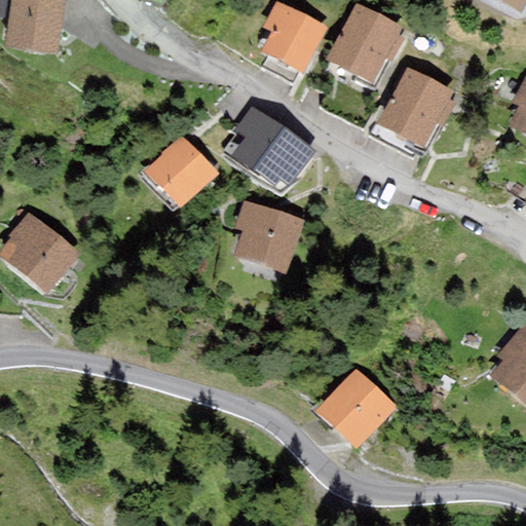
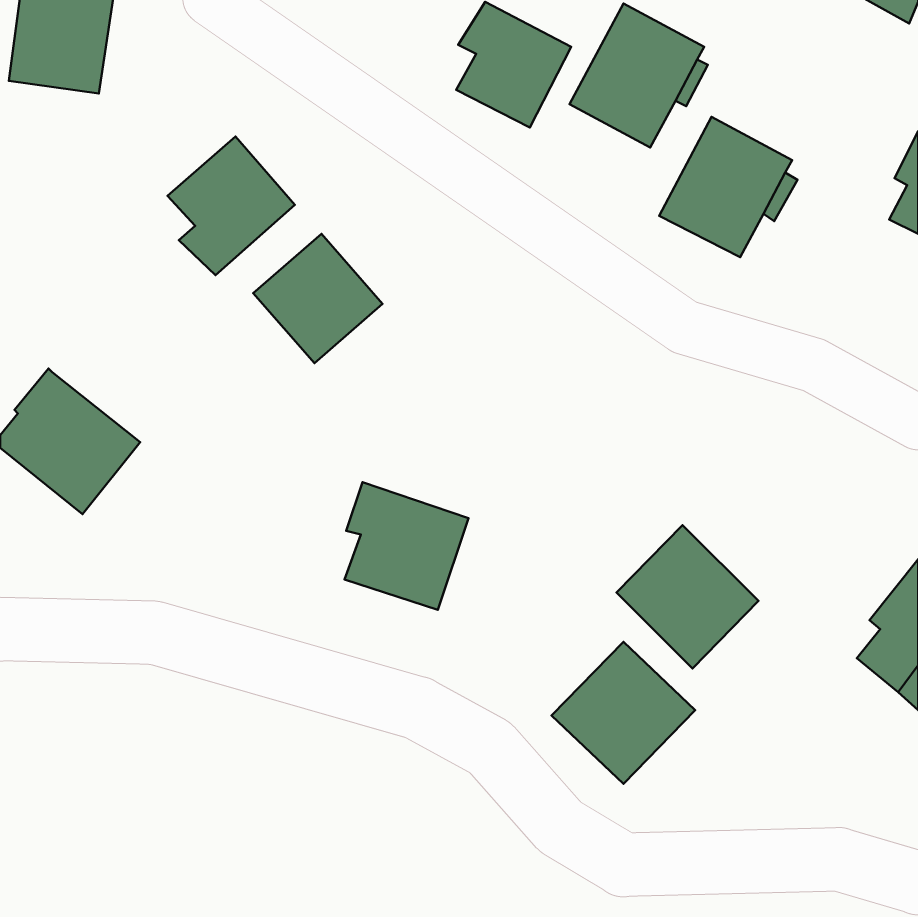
building: none -> [167,136,295,275]
building: [232,106,316,187] -> none
building: [233,199,304,272] -> [345,482,468,610]
building: none -> [616,525,758,668]

